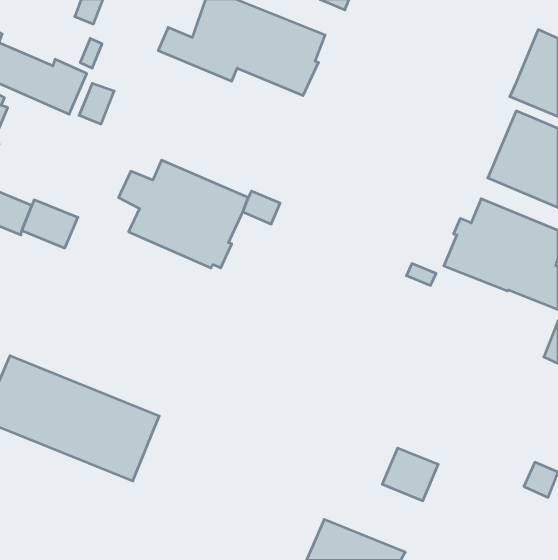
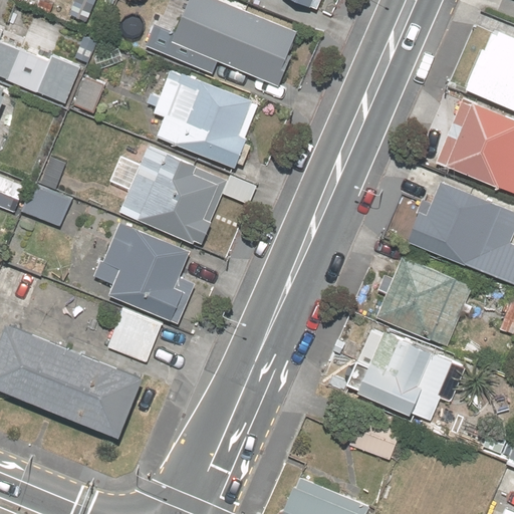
building: none -> [146,69,257,169]
building: none -> [92,222,195,324]
building: none -> [374,252,473,346]
building: none -> [106,307,162,362]
building: none -> [346,327,465,419]

